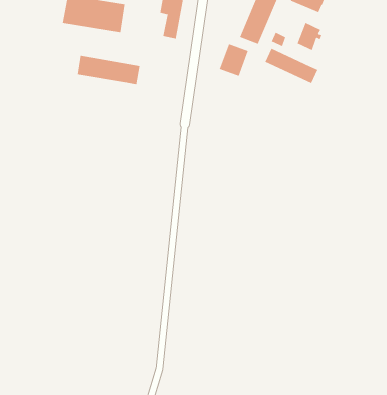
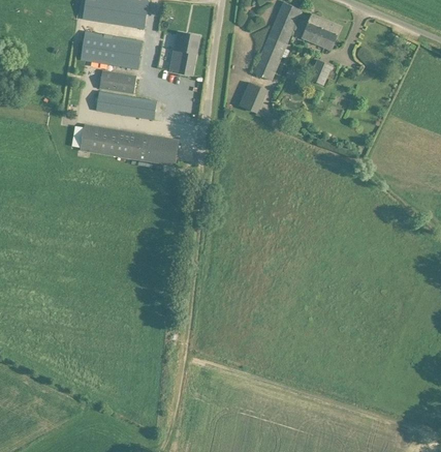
building: none -> [99,70,136,94]
building: [264,48,318,84] -> none
building: none -> [80,124,178,167]

